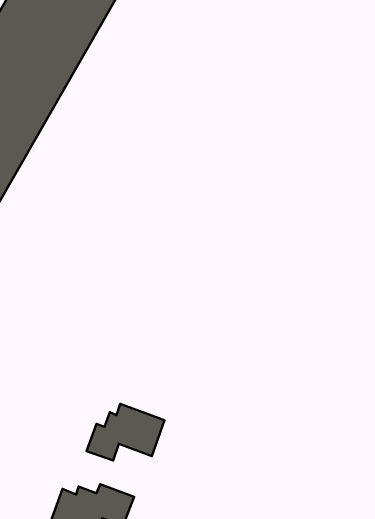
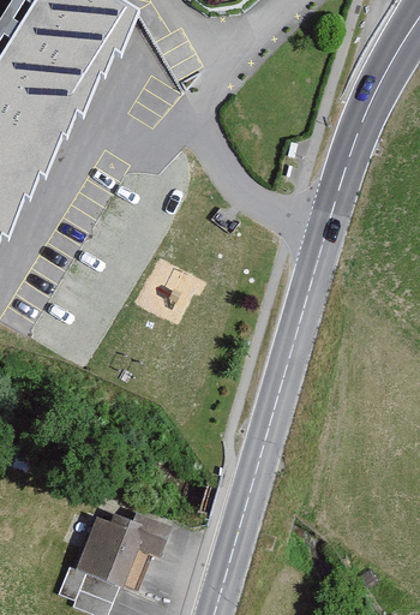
building: [86,404,164,460] -> none

